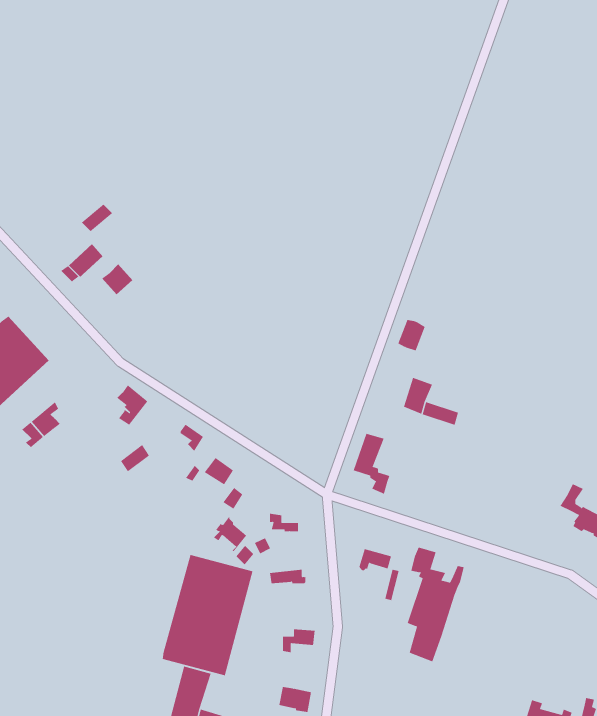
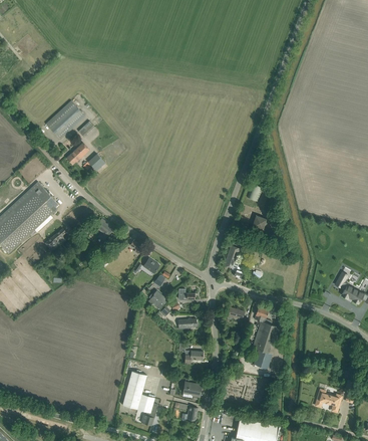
building: none -> [46,100,85,140]
building: [162,554,253,676] -> none

